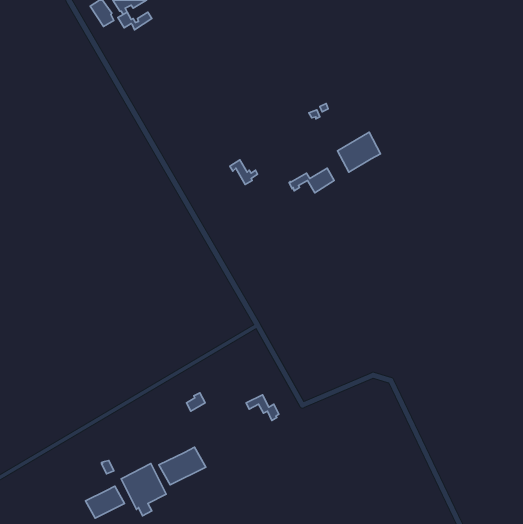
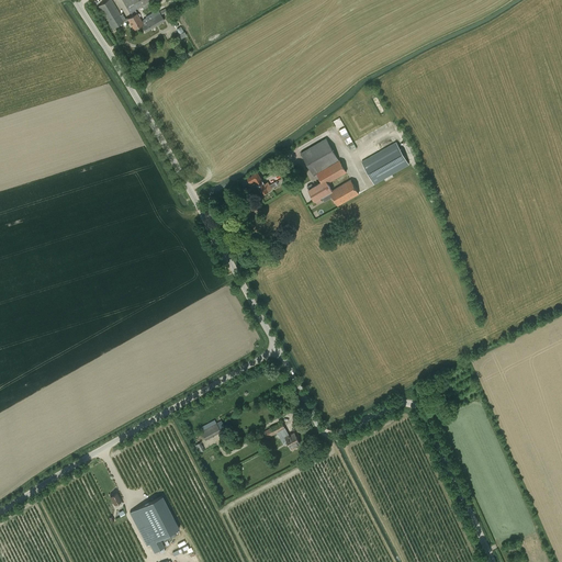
building: none -> [300,138,347,195]
building: [159,447,206,485] -> none
building: [86,486,125,518] -> none

